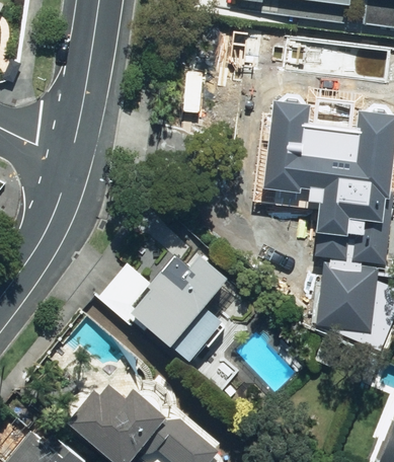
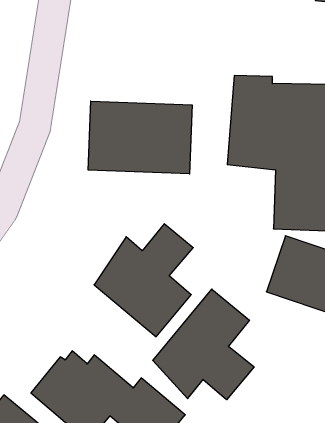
building: none -> [88,101,192,174]
building: none -> [153,289,254,400]

